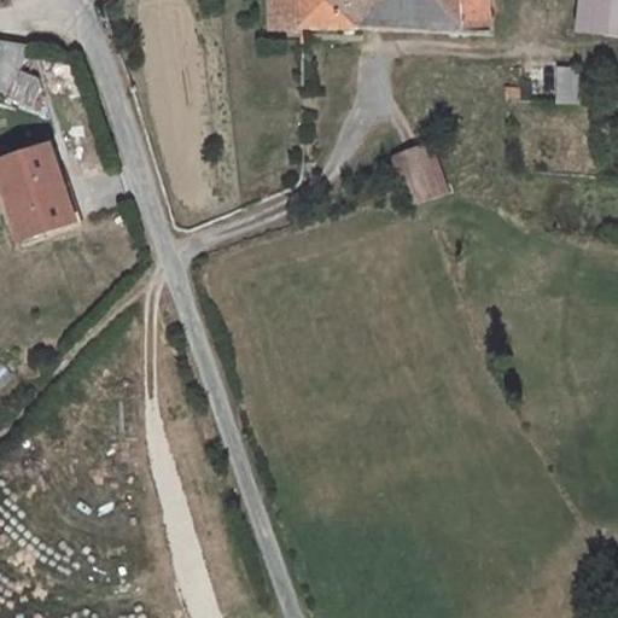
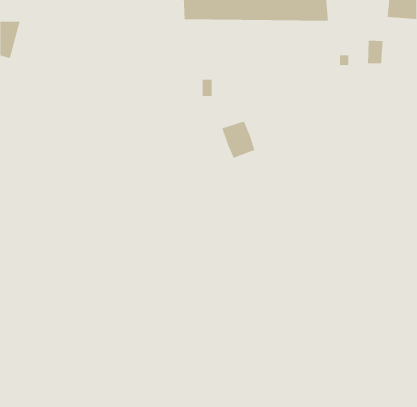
building: [5,139,82,227] -> none
building: [386,145,436,200] -> [222,121,255,158]

